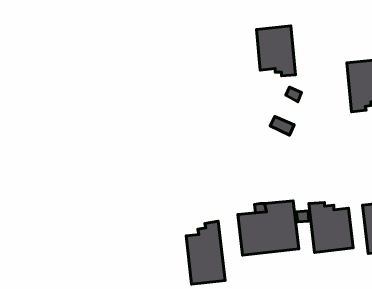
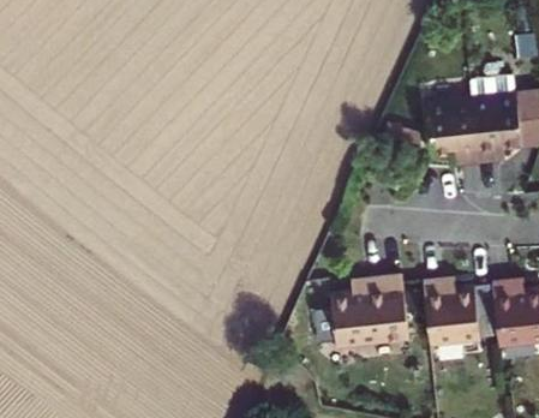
building: [257,26,295,76] -> [429,98,479,163]
building: [186,221,225,284] -> none

